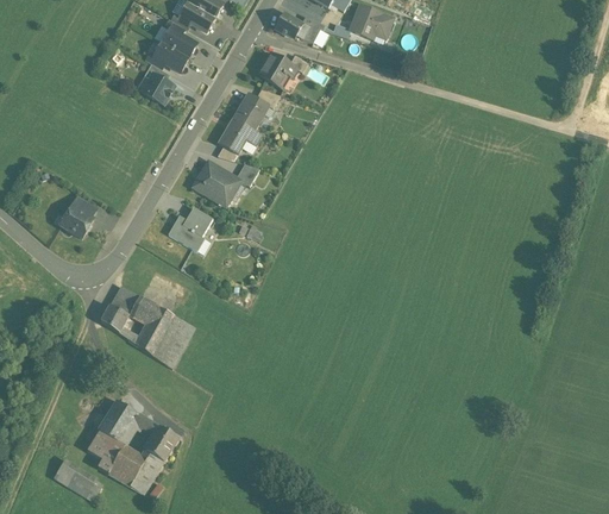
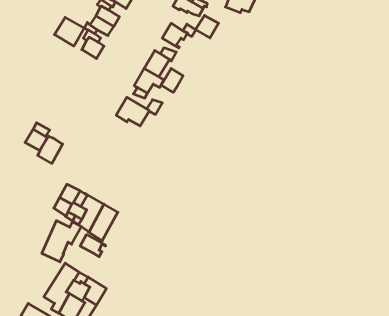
building: none -> [196,15,219,38]
building: none -> [54,17,84,46]
building: none -> [161,68,183,92]
building: [168,206,212,250] -> none
building: none -> [38,136,63,163]
building: none -> [42,221,81,262]
building: none -> [80,235,106,257]

